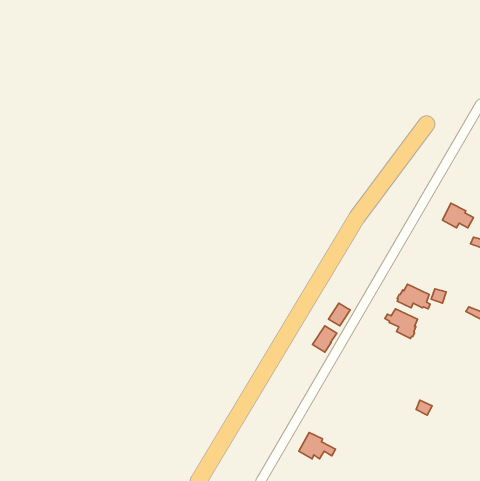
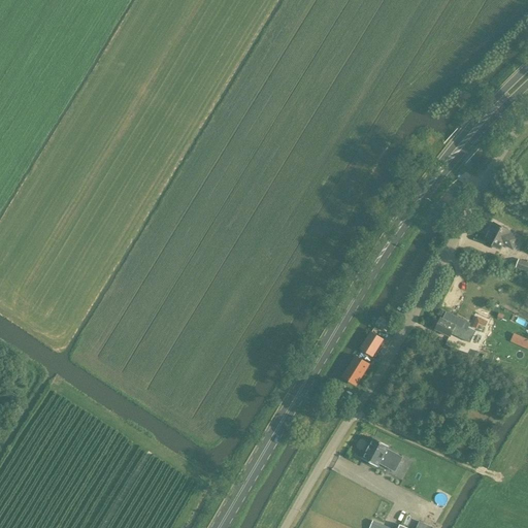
building: [385,309,417,338] -> none
building: [299,432,336,459] -> [363,439,403,468]

